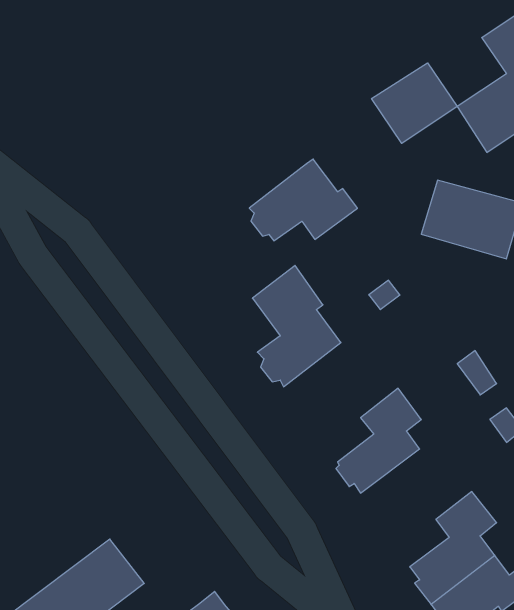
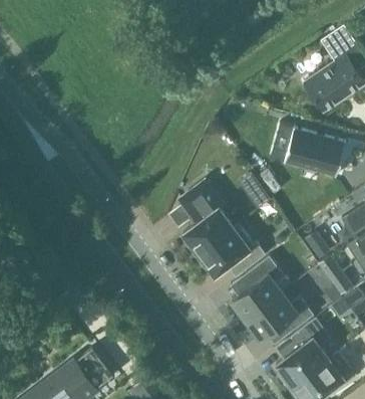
building: [372,63,457,143] -> none
building: [249,159,357,241] -> [198,225,264,275]
building: none -> [245,293,313,340]

